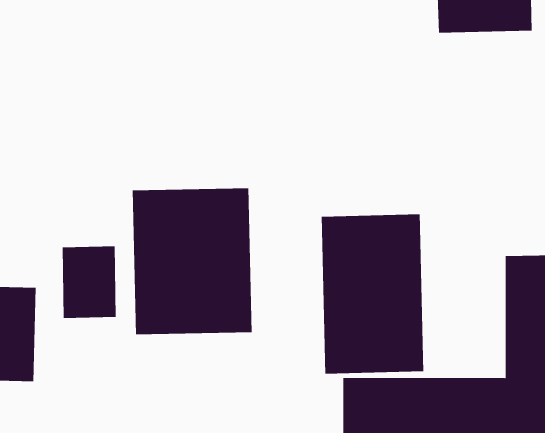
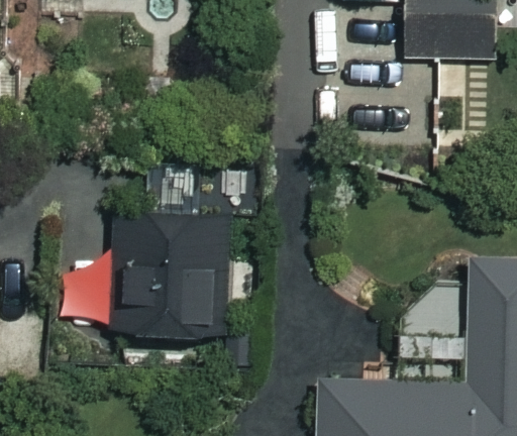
building: [321,213,424,375] -> none

